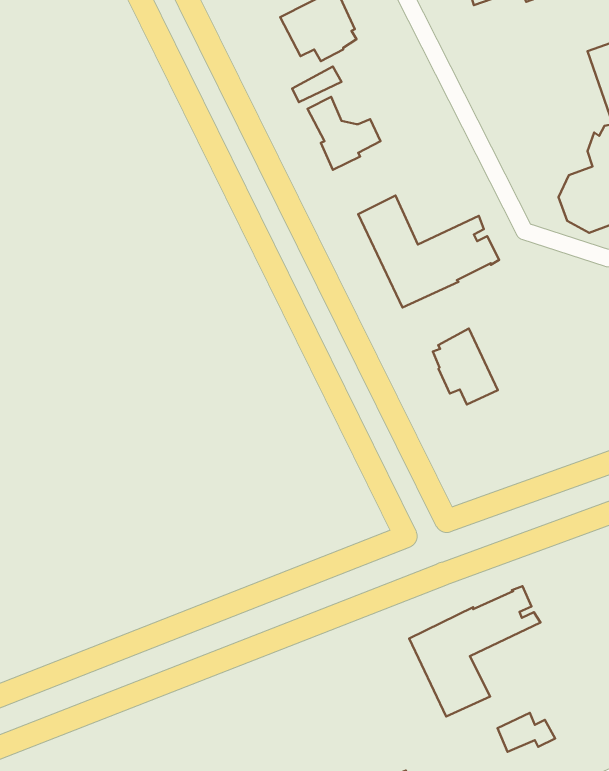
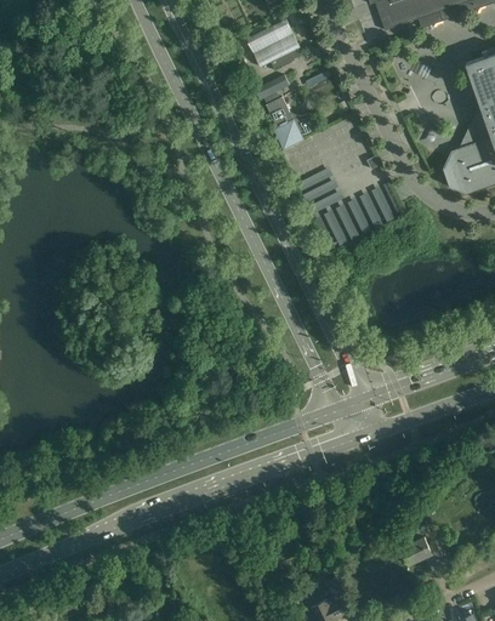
building: [433,328,498,404] -> none
building: [409,586,540,716] -> none

